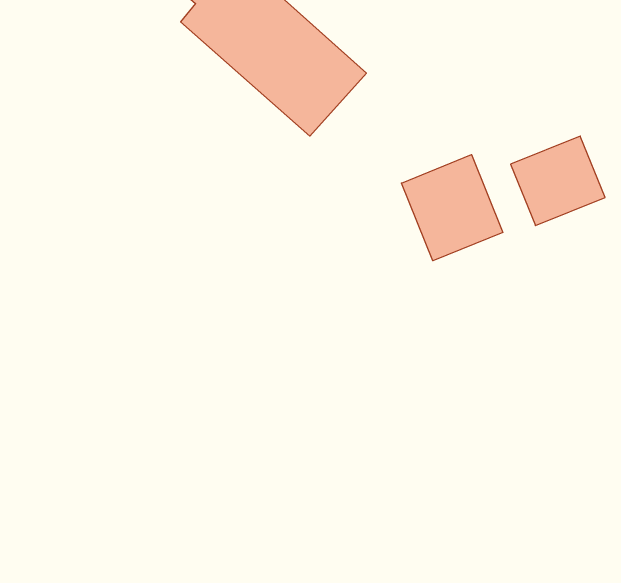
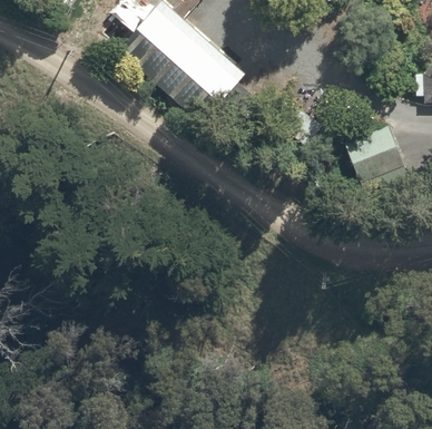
building: [401,155,503,261] -> none

